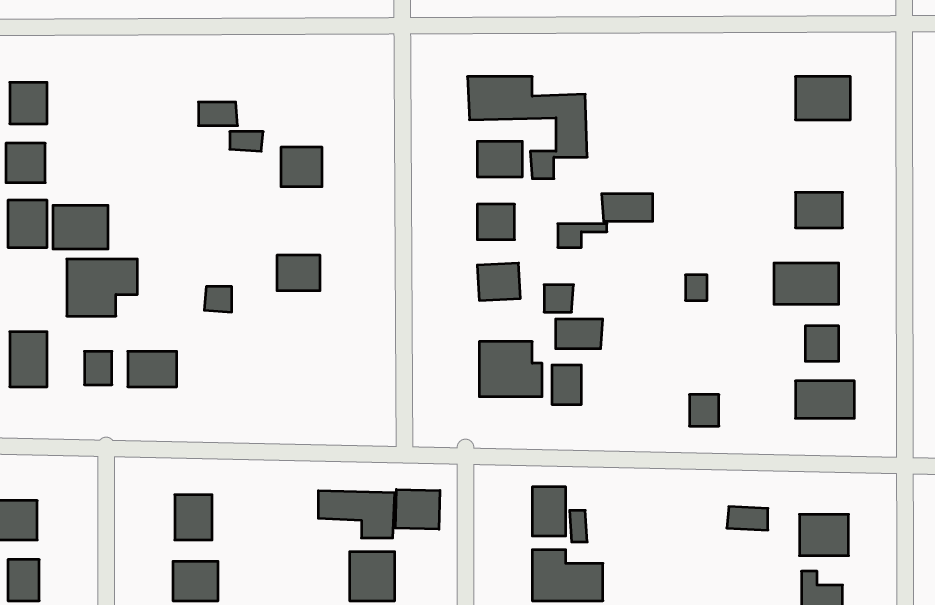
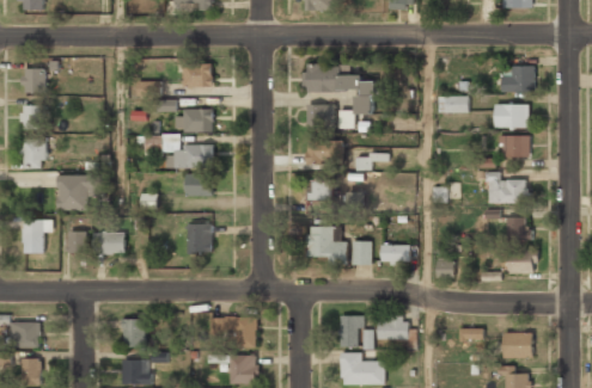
building: none -> [183,64,213,87]
building: none -> [495,104,530,128]
building: [602,194,653,221] -> [438,96,469,112]
building: [53,205,108,249] -> none
building: none -> [172,146,213,168]
building: [556,319,603,349] -> [382,245,410,263]
building: none -> [188,223,213,254]
building: none -> [378,316,408,339]
building: [395,489,440,529] -> none

